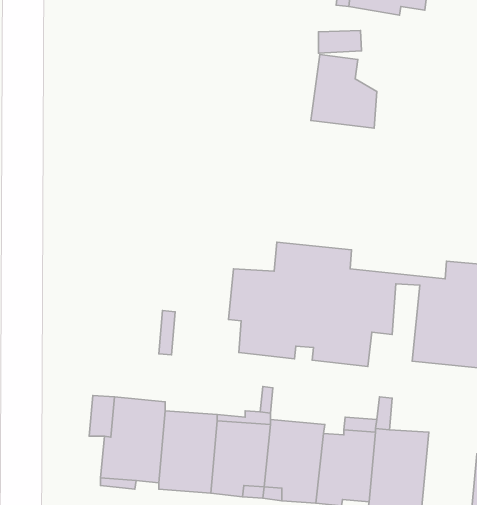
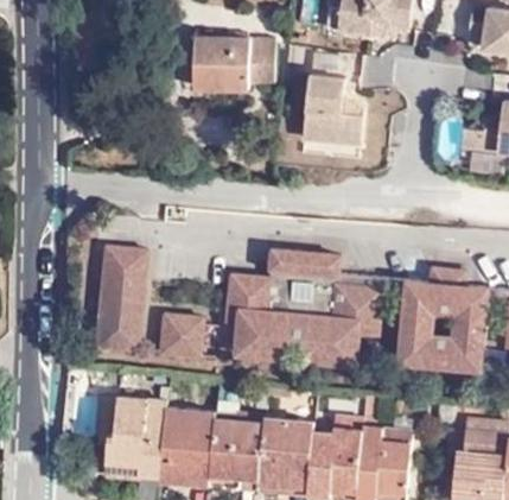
building: none -> [193,38,274,89]
building: none -> [95,247,145,352]
building: none -> [171,316,202,359]

